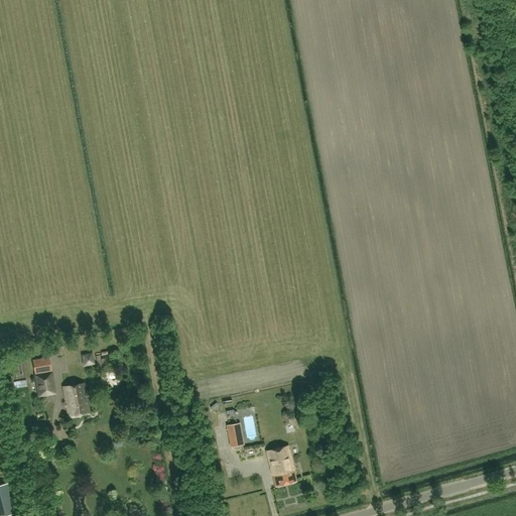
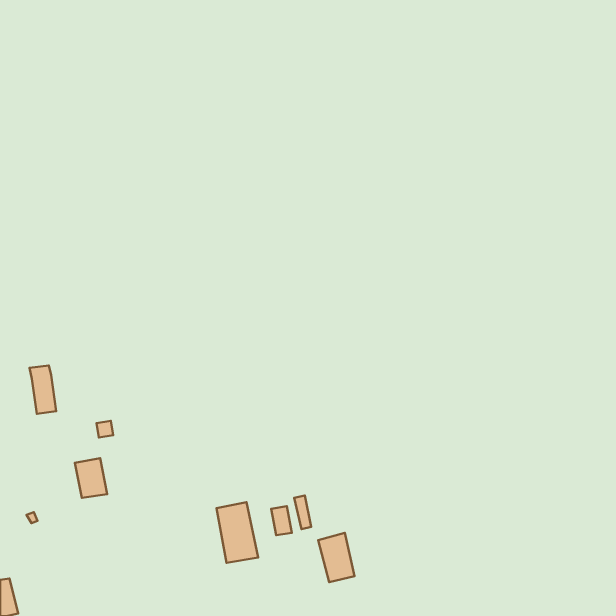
building: [32,357,54,397] -> [30,365,56,414]
building: none -> [217,502,258,563]

